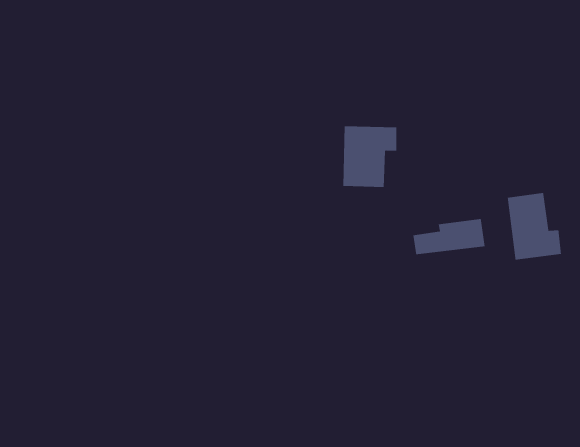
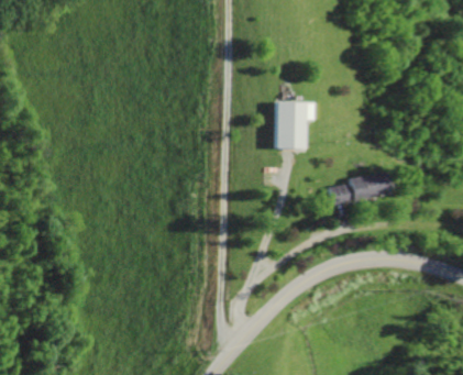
building: [507,192,561,260] -> none

